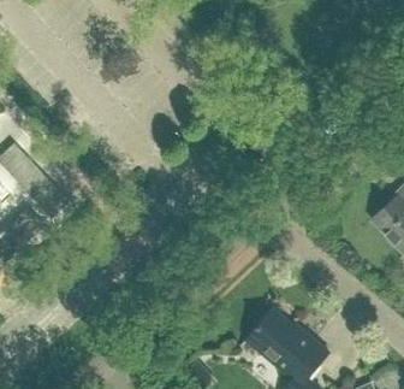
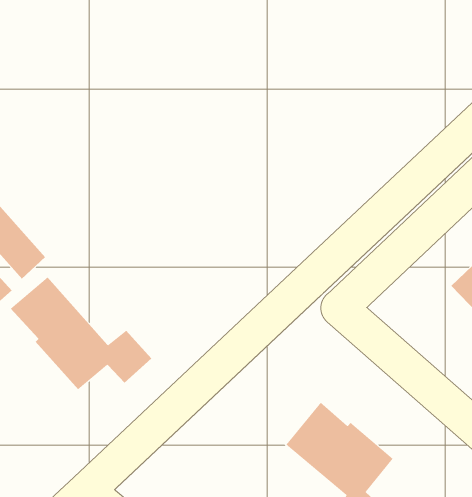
building: none -> [10,276,152,390]

